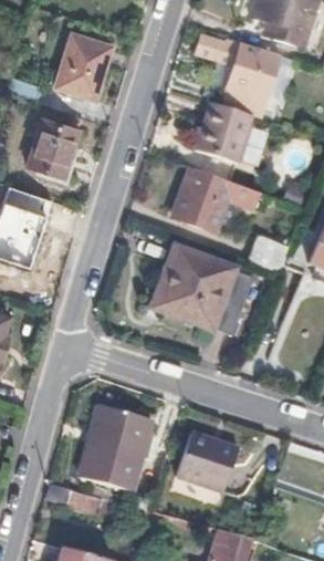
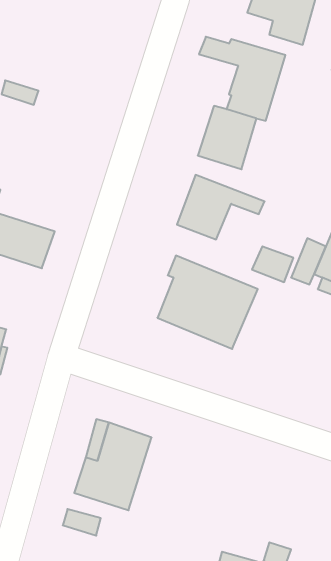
building: [56,31,112,96] -> none
building: [29,116,79,175] -> none
building: [176,429,240,491] -> none

